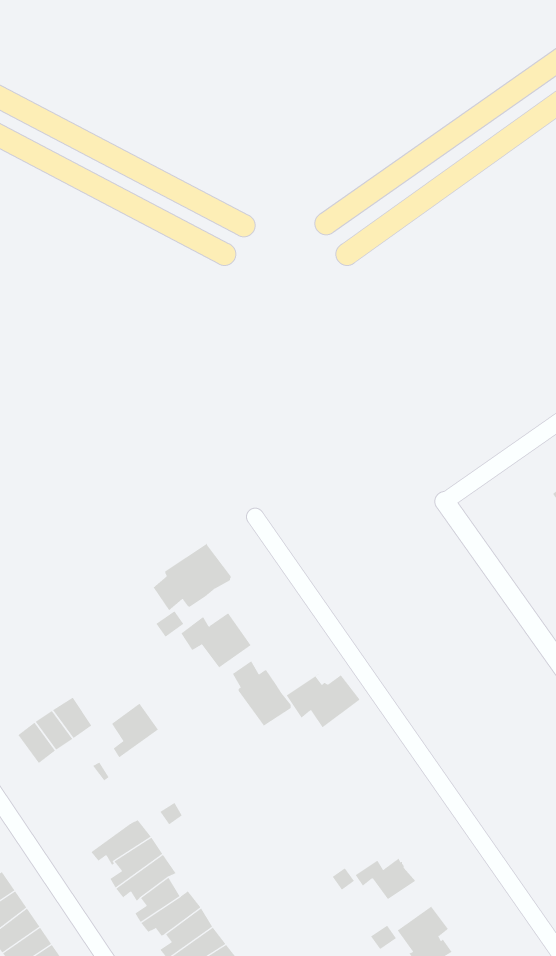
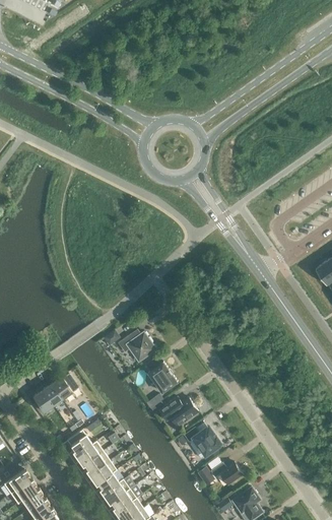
building: [153,542,231,611] -> none
building: [286,673,360,728] -> [158,398,198,428]
building: [111,703,159,758] -> [66,431,91,460]
building: none -> [184,429,220,459]

